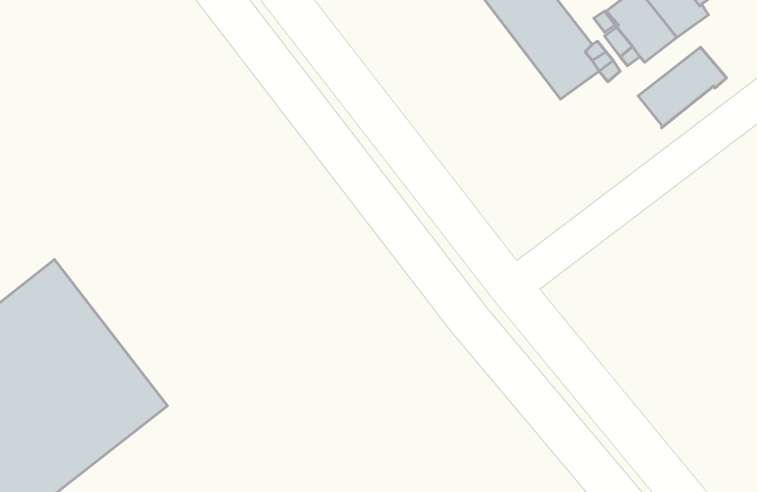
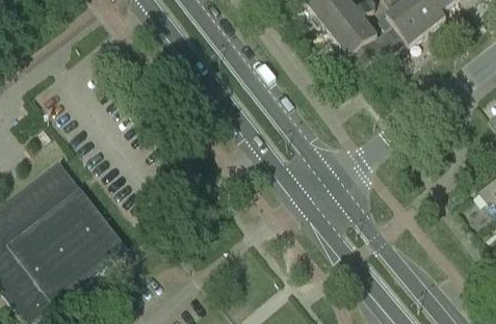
building: [638,47,727,128] -> none

